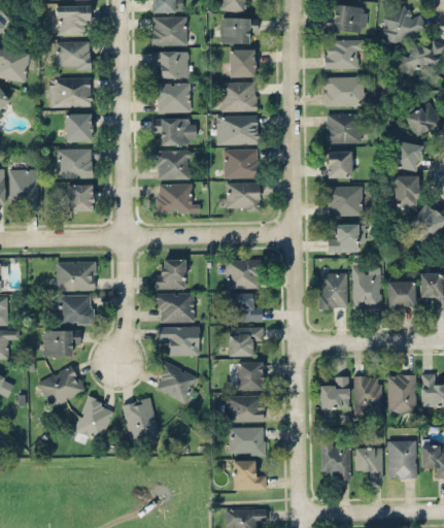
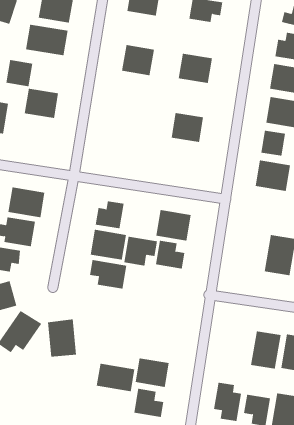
building: [231,50,255,76] -> none
building: [152,52,189,76] -> none
building: [65,113,92,140] -> [6,59,33,87]
building: [216,116,259,144] -> none
building: [153,119,194,143] -> none
building: [155,150,191,179] -> none
building: [226,183,260,207] -> none
building: [155,184,196,213] -> none
building: [68,185,94,210] -> none
building: [328,224,366,251] -> none
building: [319,272,348,308] -> none
building: [229,327,263,357] -> [123,236,158,266]
building: [153,361,199,403] -> none
building: [237,362,264,390] -> none
building: [320,376,349,408] -> none
building: [223,395,263,421] -> [96,363,135,392]

